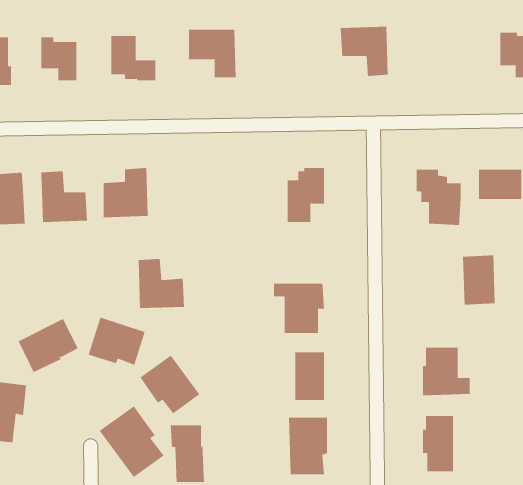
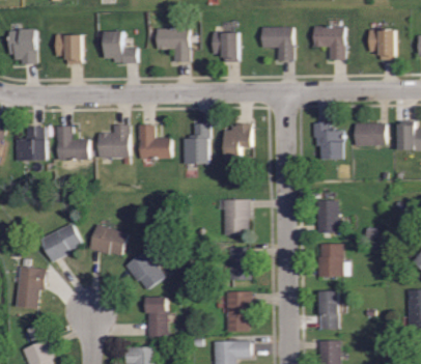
building: none -> [314,25,344,59]
building: none -> [212,30,237,59]
building: none -> [183,121,208,163]
building: [462,255,496,305] -> [315,199,338,233]
building: [138,258,185,309] -> [138,122,170,157]
building: [99,405,165,478] -> none

